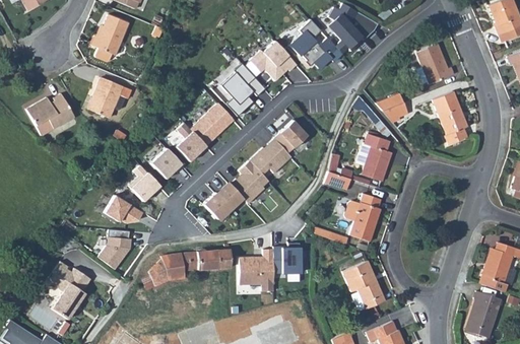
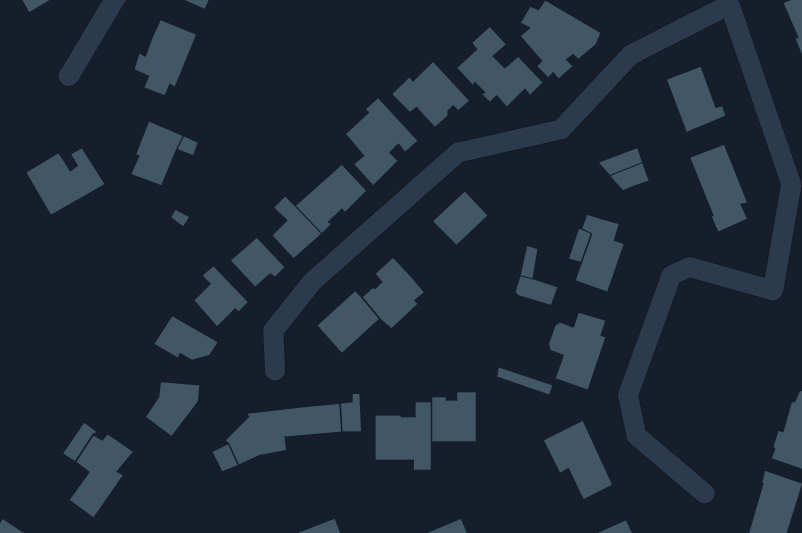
building: [251,139,292,177] -> none

